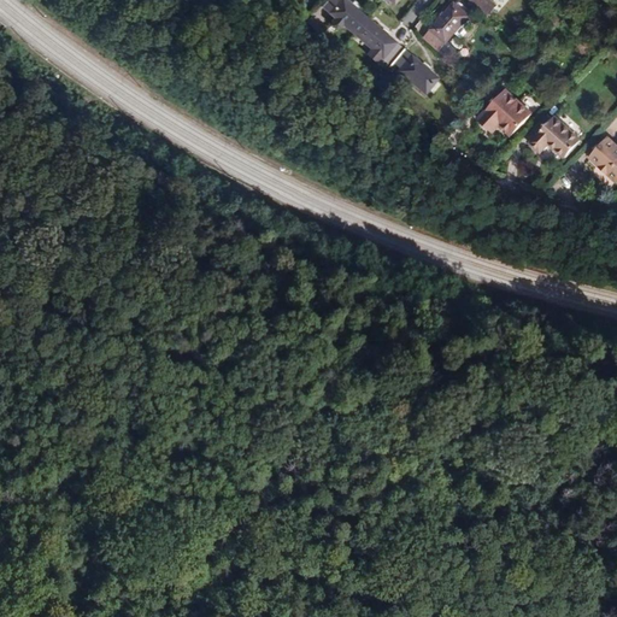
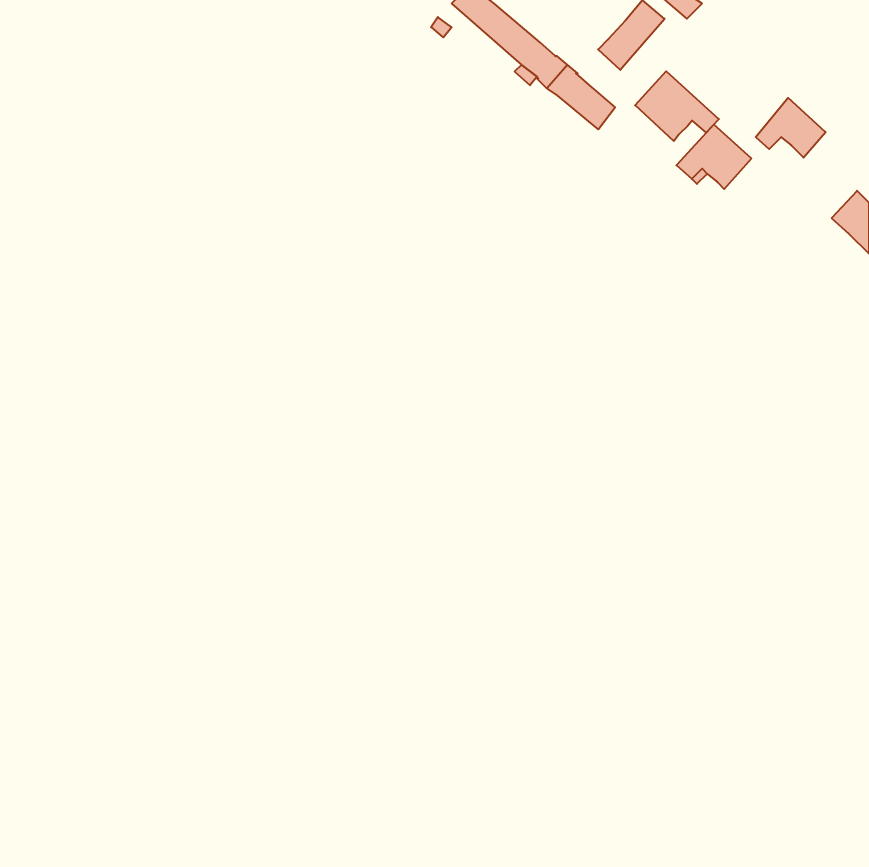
building: none -> [635,71,719,141]
building: [530,113,580,155] -> [756,98,826,158]

